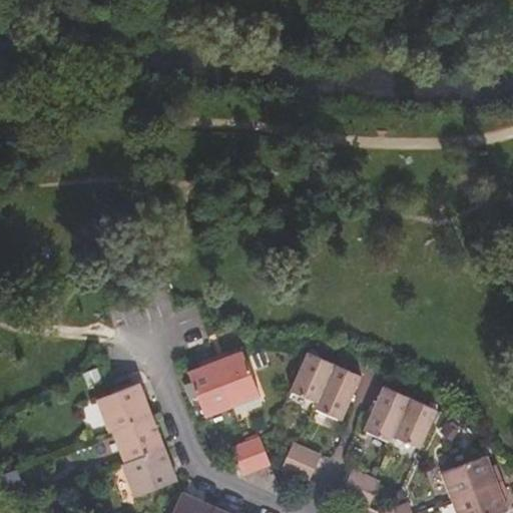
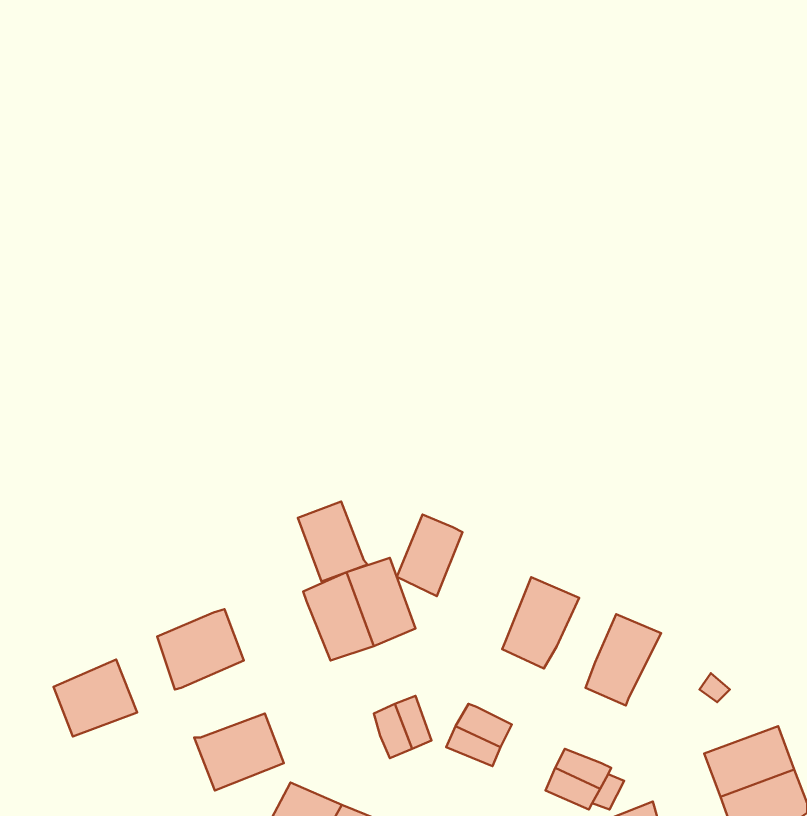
building: none -> [298,502,368,582]
building: [291,352,332,403] -> [397,514,463,596]
building: [393,398,438,450] -> none
building: [113,415,165,463] -> [54,660,137,736]

